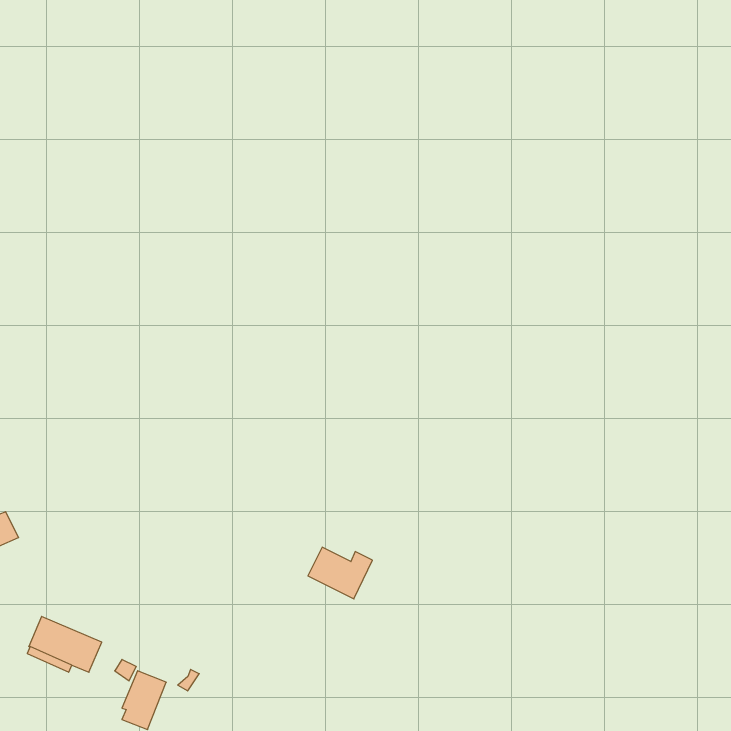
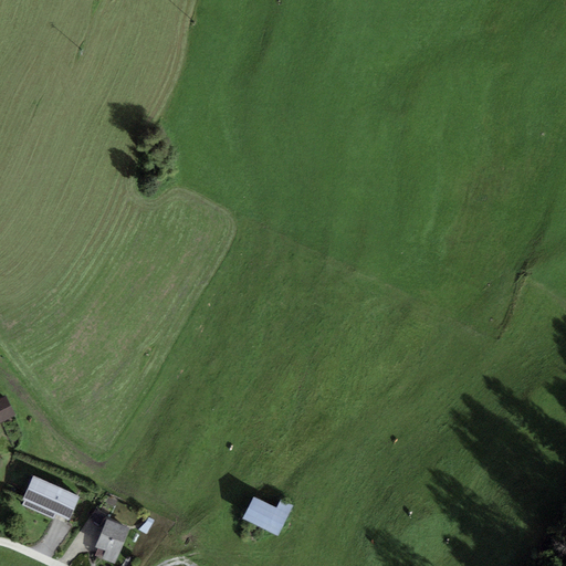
building: [308,547,372,599] -> [242,495,292,535]

